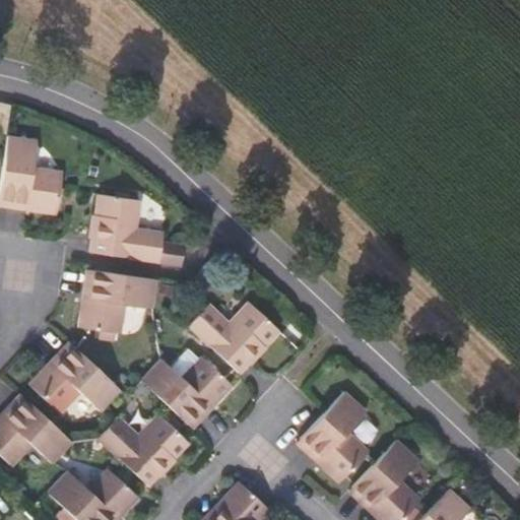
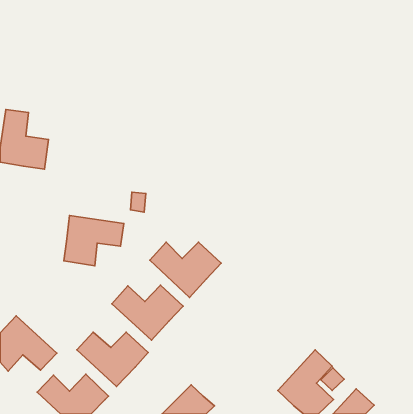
building: [91,195,162,262] -> none
building: [31,344,120,412] -> none
building: [298,391,367,480] -> none

